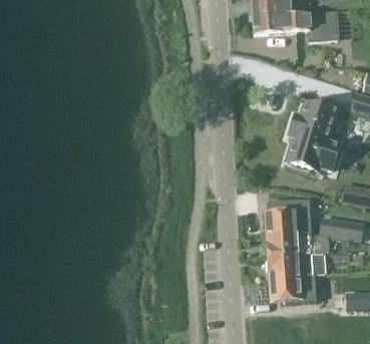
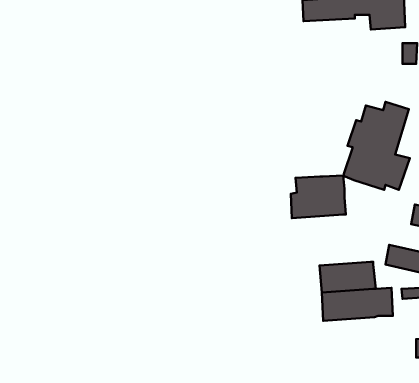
building: [266,199,311,234] -> [291,175,346,218]
building: [270,276,313,299] -> none

